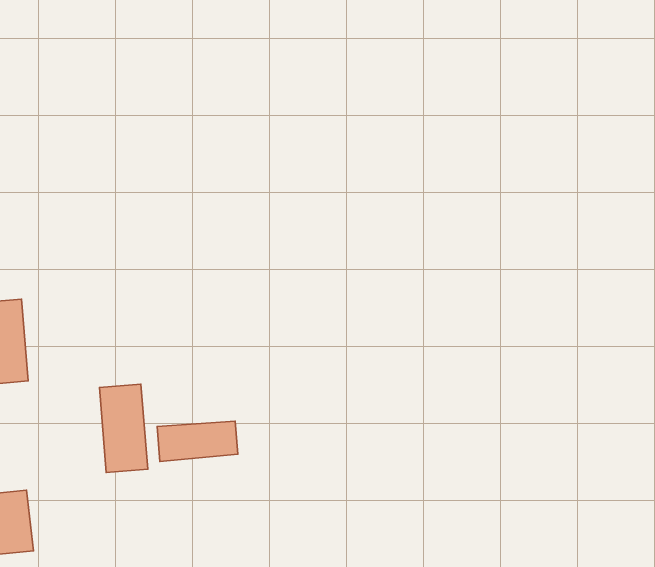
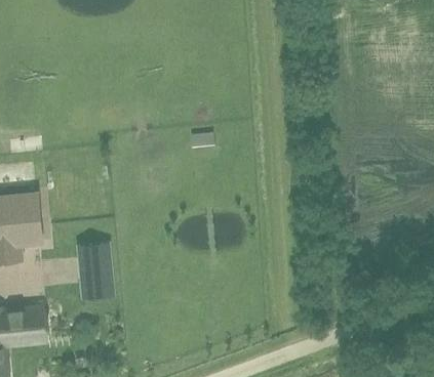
building: [157,421,238,461] -> none

